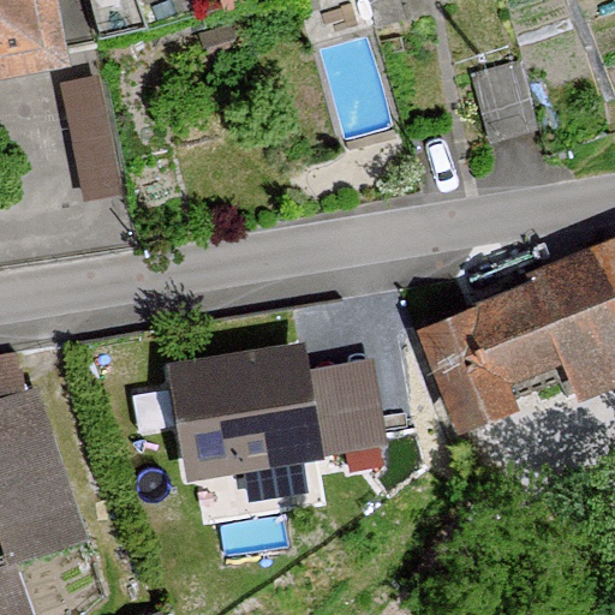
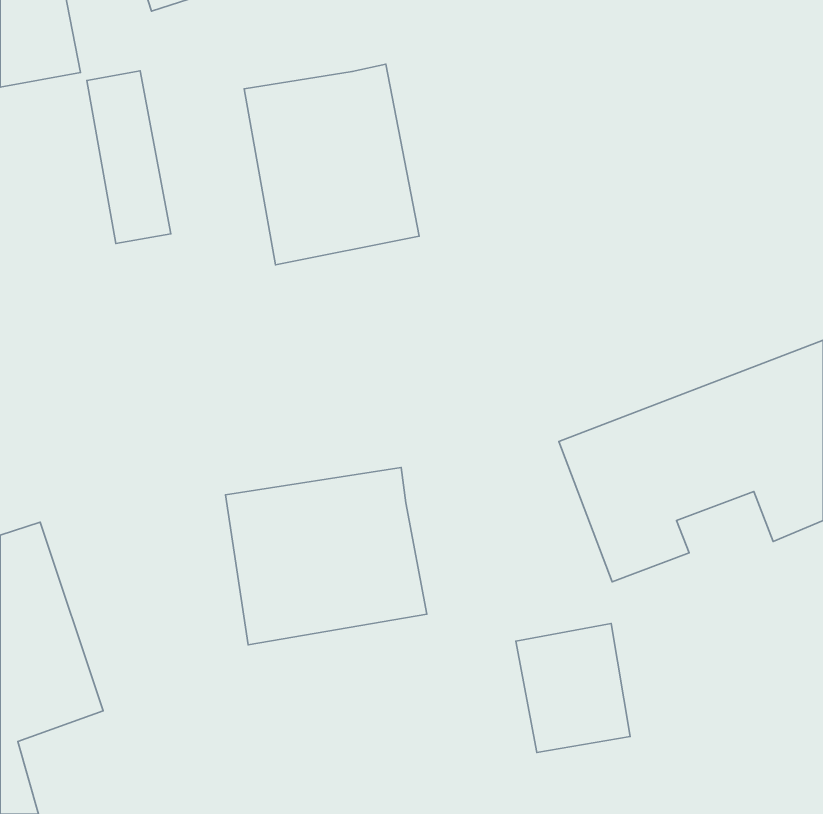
building: none -> [244,64,419,265]
building: [303,362,388,458] -> [516,624,630,752]

